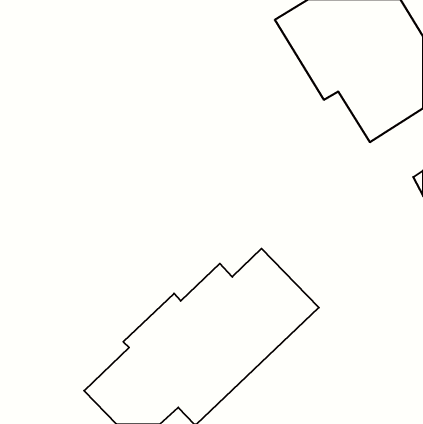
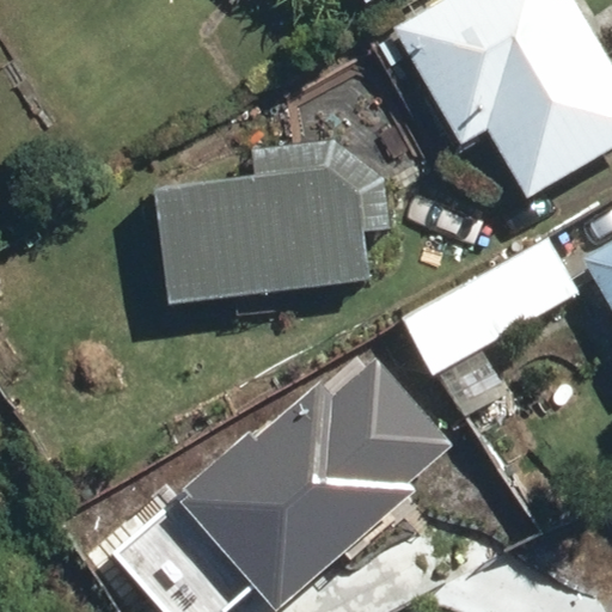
building: none -> [155,140,390,302]
building: none -> [402,233,580,421]

